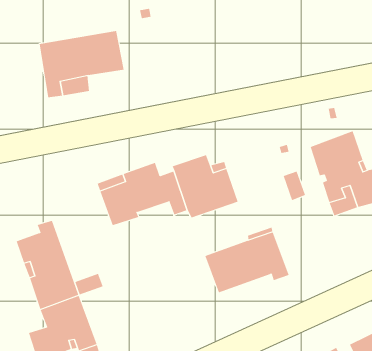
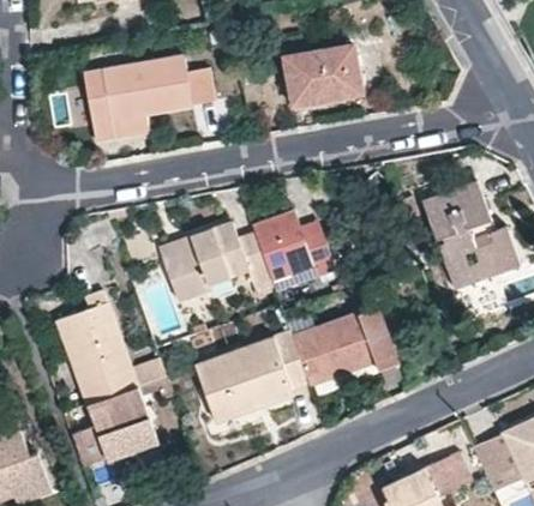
building: none -> [286,46,362,106]
building: none -> [197,332,310,420]

